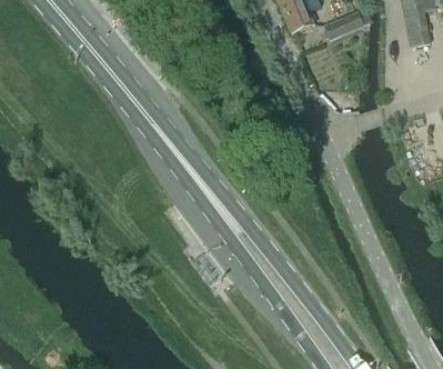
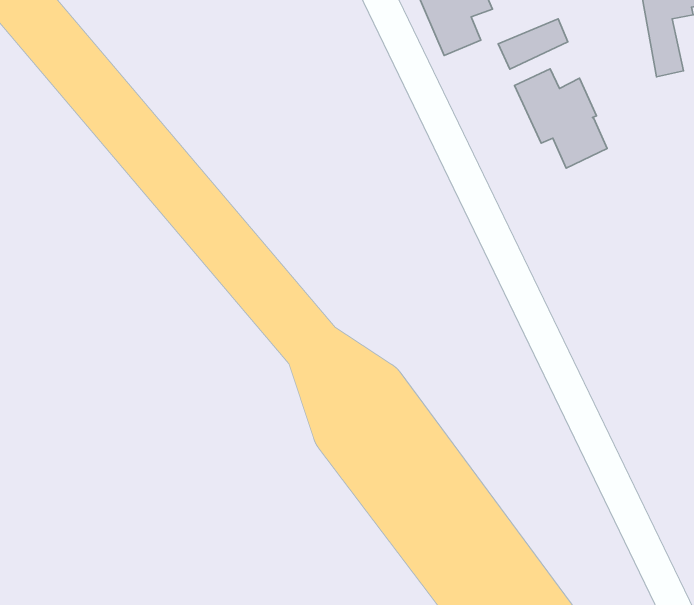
building: none -> [515,69,607,168]

